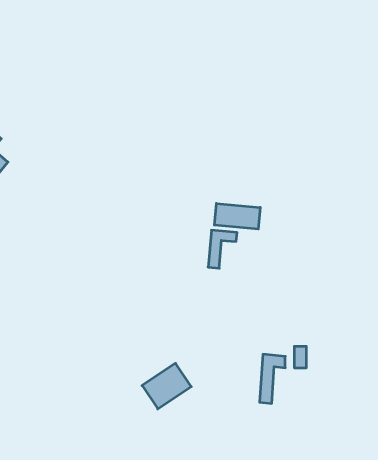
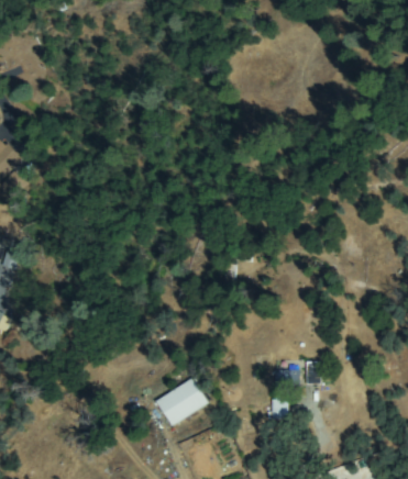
building: [214,203,260,229] -> none

